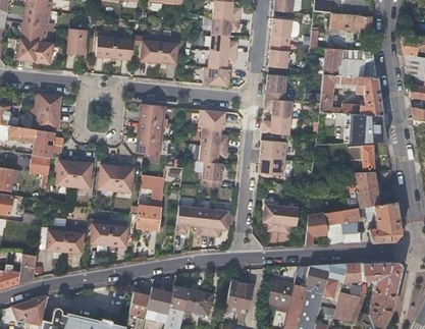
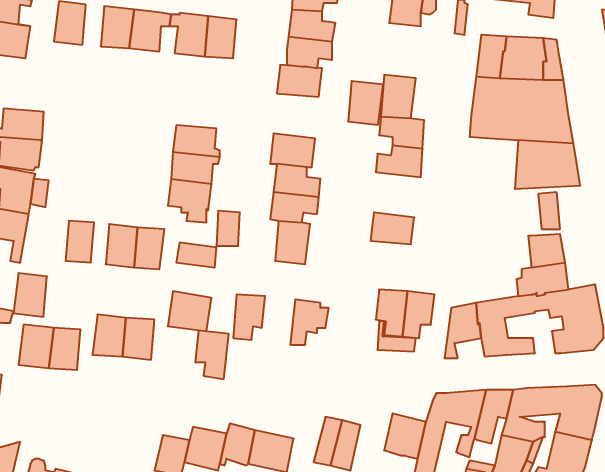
building: [269,42,290,68] -> [348,81,383,125]
building: [262,140,287,160] -> none
building: [56,160,76,186] -> [13,273,47,317]
building: [194,208,214,237] -> [195,330,229,379]

